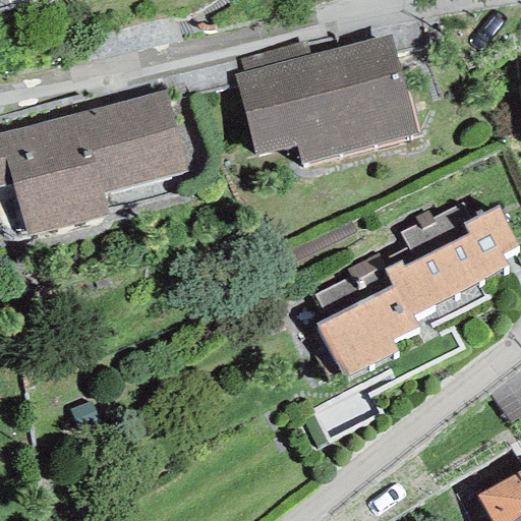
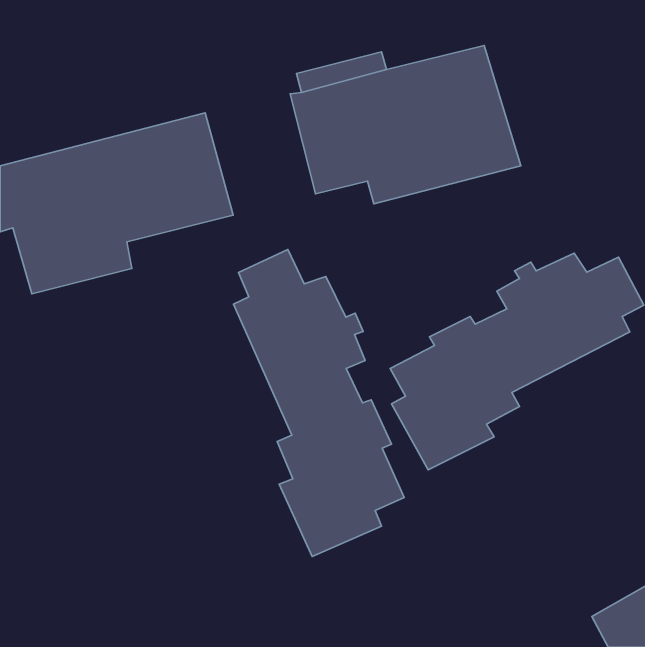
building: none -> [234,250,404,556]

